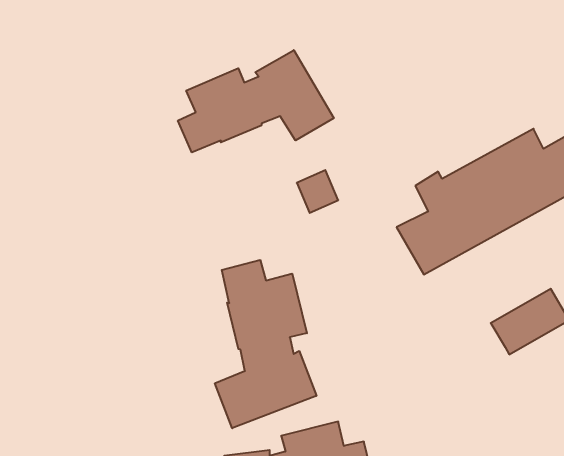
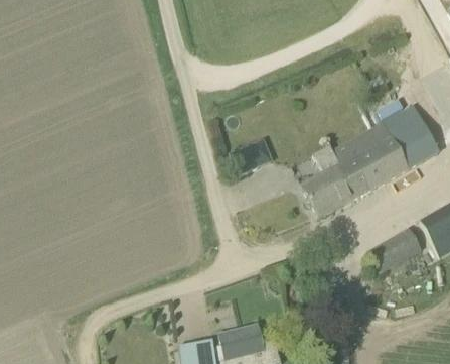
building: [178,50,334,152] -> none
building: [215,260,316,428] -> none

